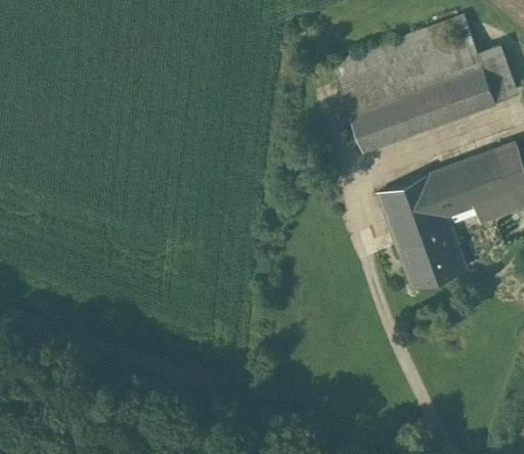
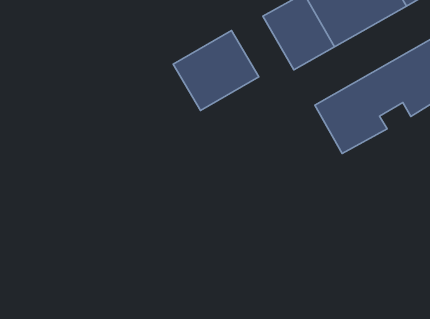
building: none -> [173,31,259,110]
building: [400,234,466,290] -> none

